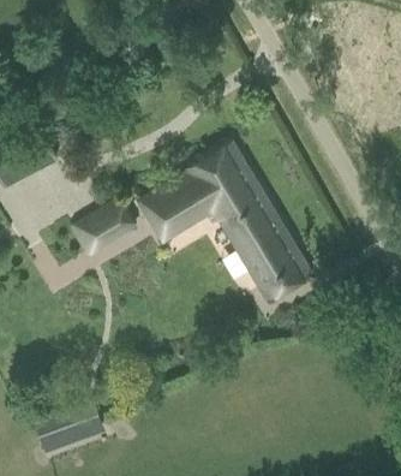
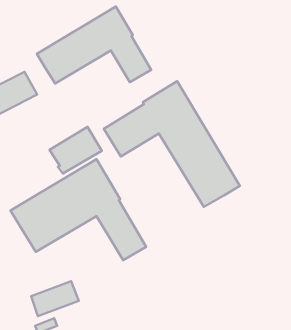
building: none -> [37,6,151,83]
building: none -> [10,159,146,260]

